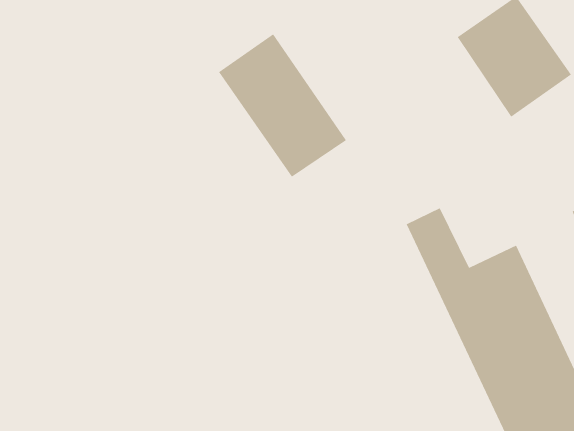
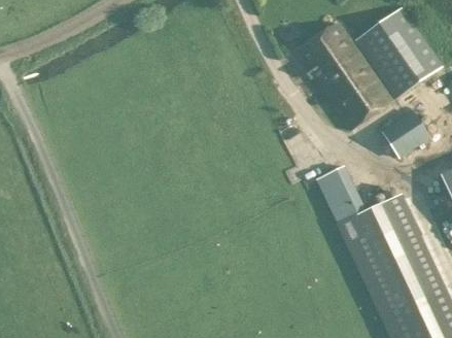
building: [218,33,347,178] -> [298,21,393,128]
building: none -> [381,107,429,157]

